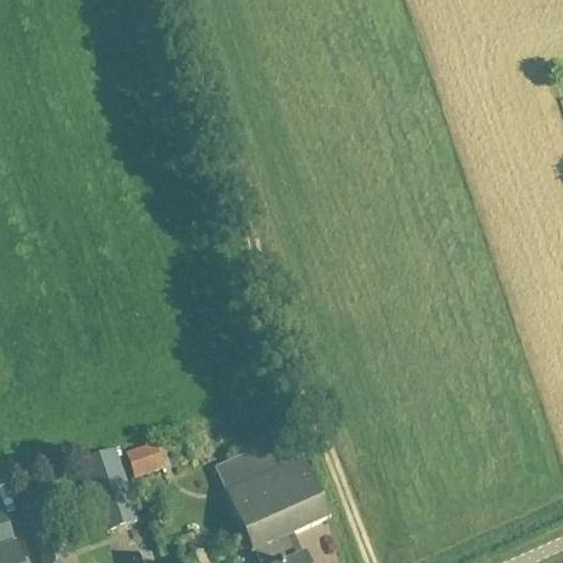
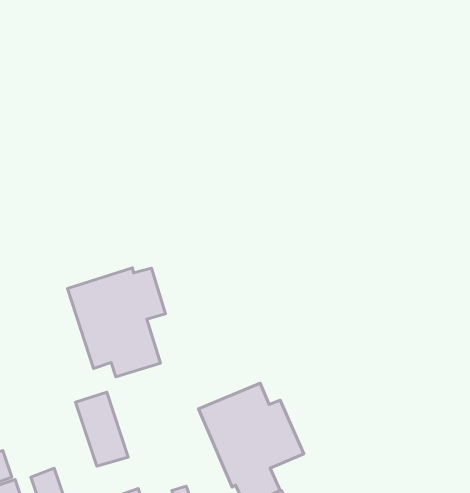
building: none -> [68,268,166,377]
building: [124,440,163,476] -> none

